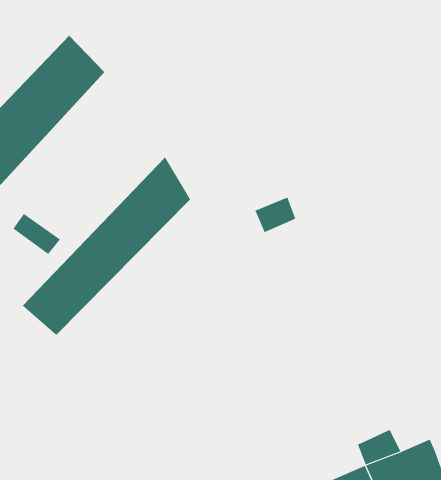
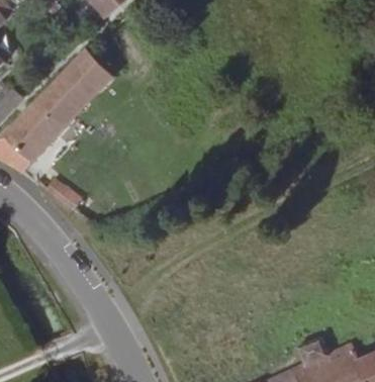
building: [22,157,191,336] -> none

